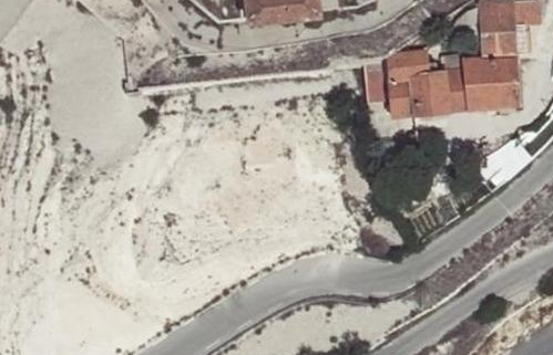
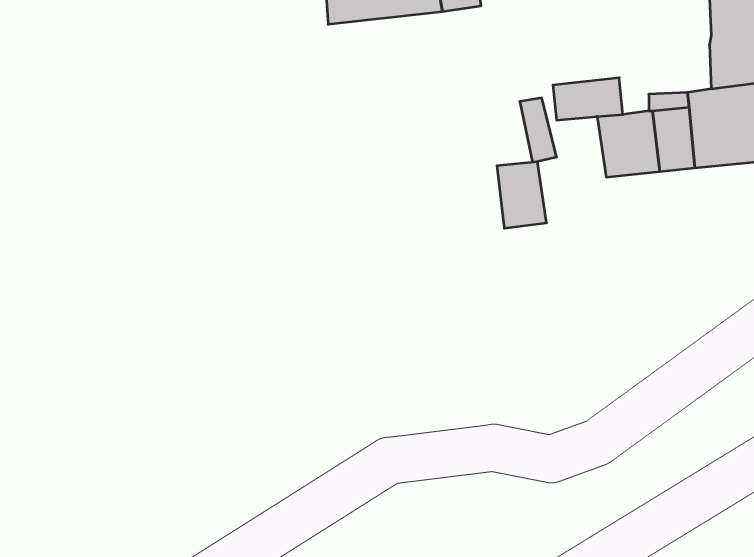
building: [388,76,418,116] -> [497,162,547,228]

